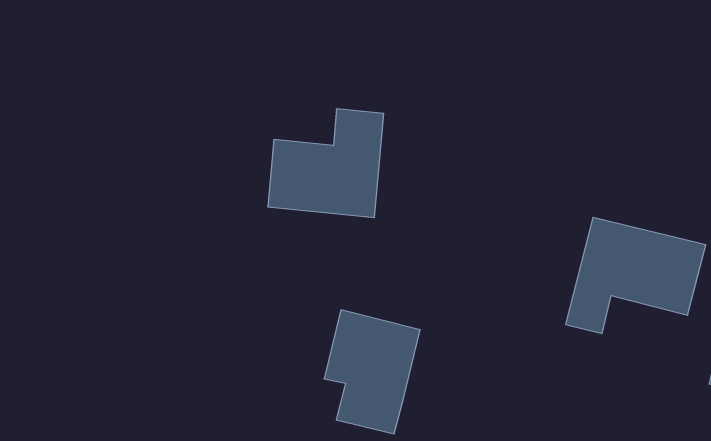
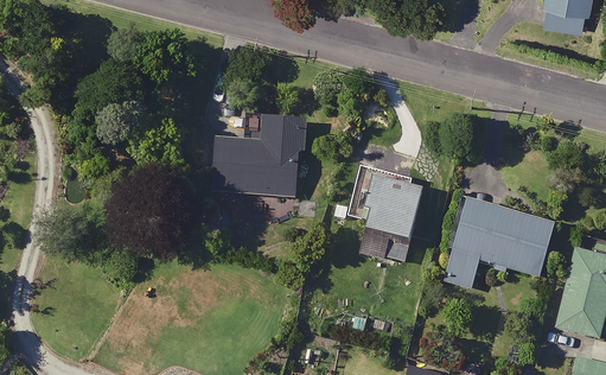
building: [324,310,420,434] -> [347,166,422,262]

